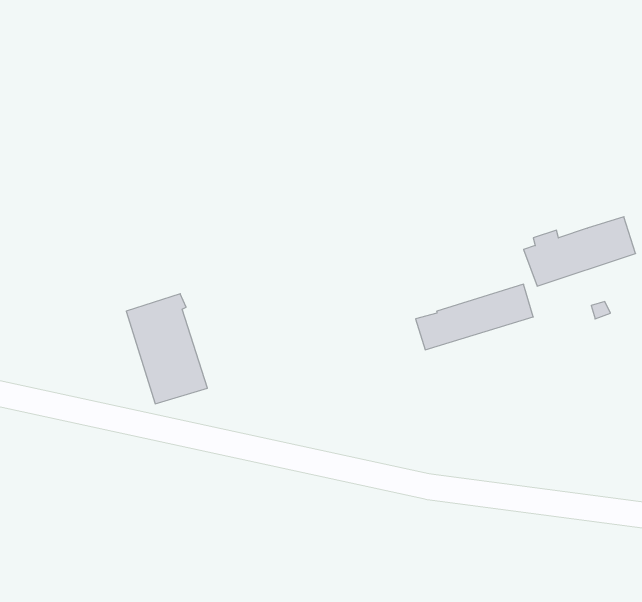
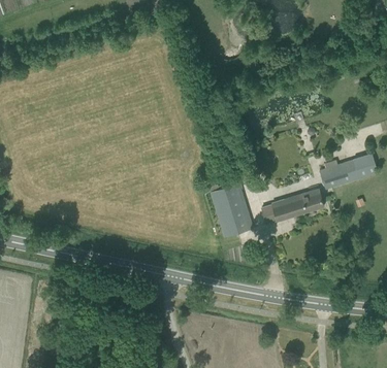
building: [126,294,207,404] -> [208,177,252,236]

